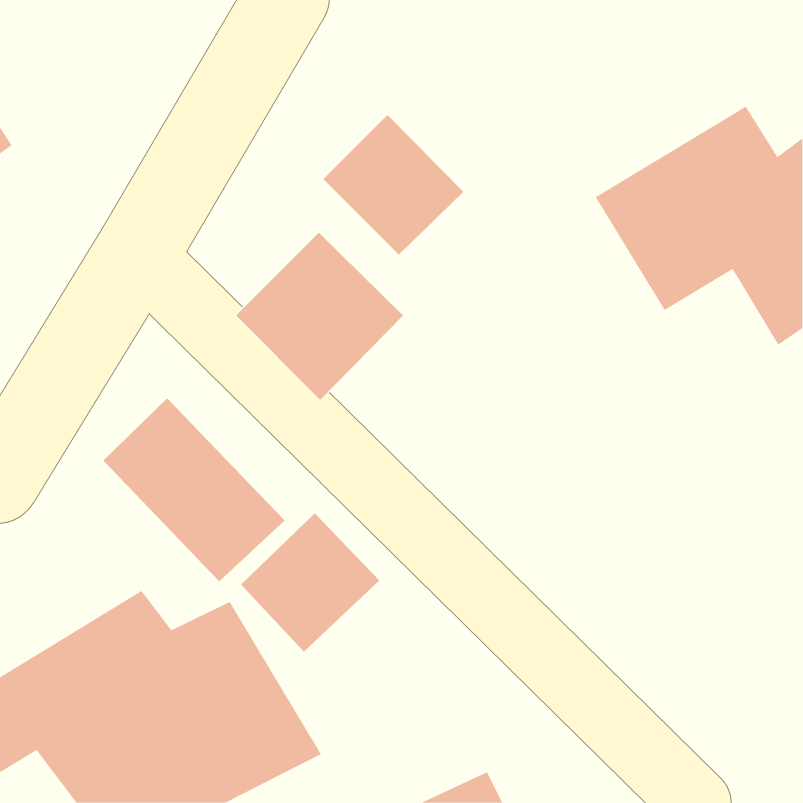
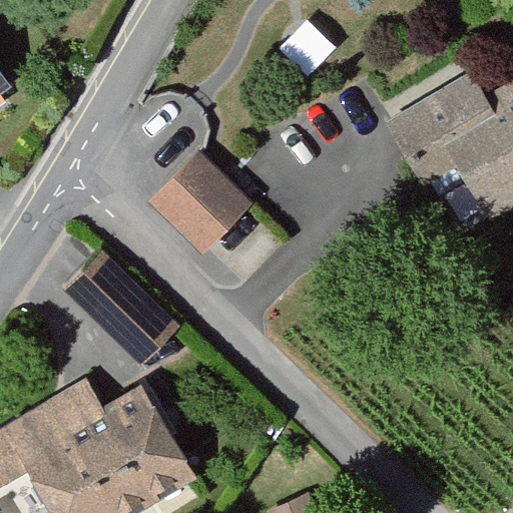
building: [322,114,464,255] -> none
building: [240,513,380,652] -> none

